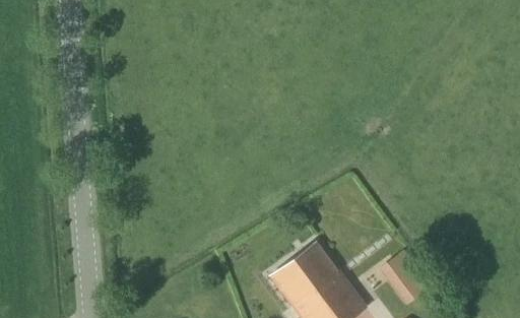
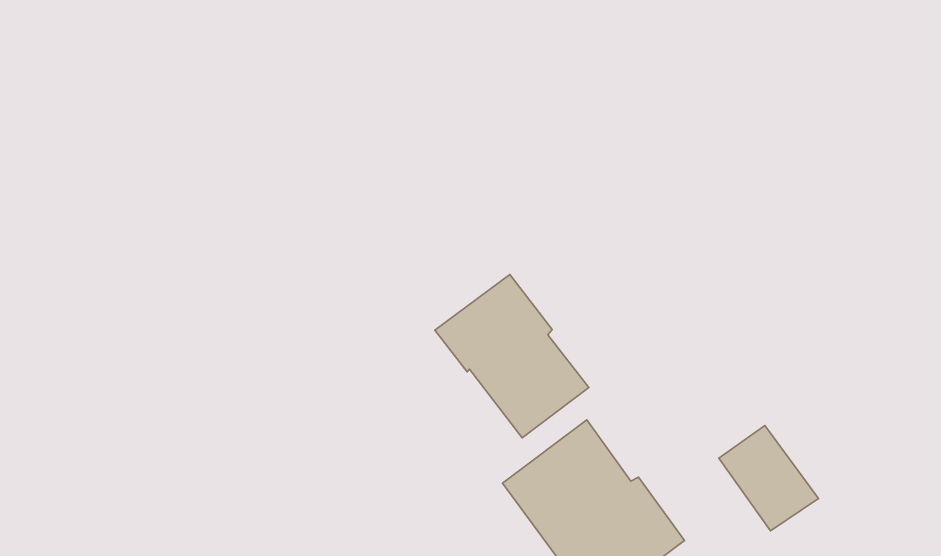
building: none -> [435,275,589,438]

